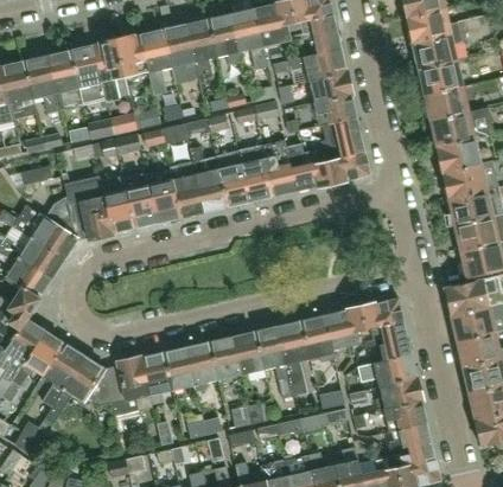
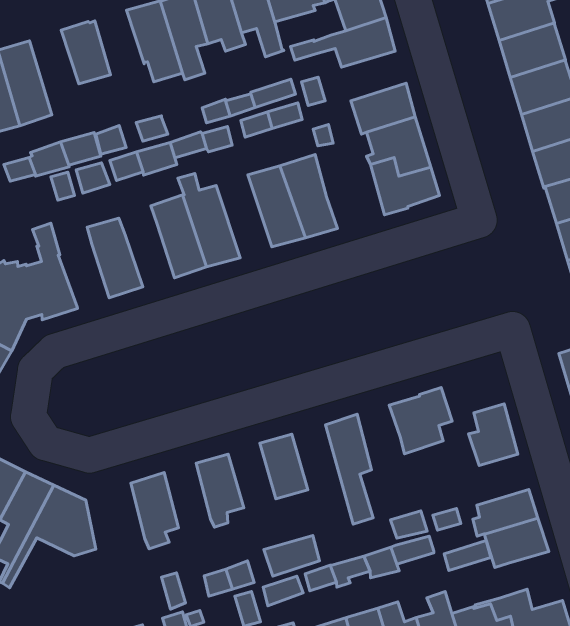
building: [139,30,171,95] -> none
building: [93,40,125,102] -> none
building: [307,71,351,103] -> none
building: [291,148,330,191] -> none
building: [215,149,250,206] -> none
building: [149,179,182,222] -> none
building: [102,190,135,232] -> none
building: [361,299,403,340] -> none
building: [301,315,335,361] -> none
building: [255,326,293,398] -> none
building: [210,335,241,379] -> none
building: [165,346,195,390] -> none
building: [109,355,152,415] -> none
building: [357,355,416,389] -> none
building: [389,424,434,463] -> none

